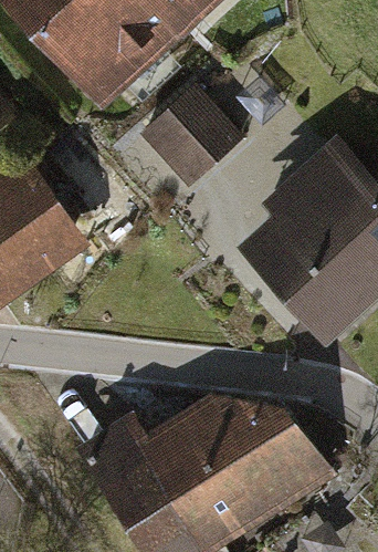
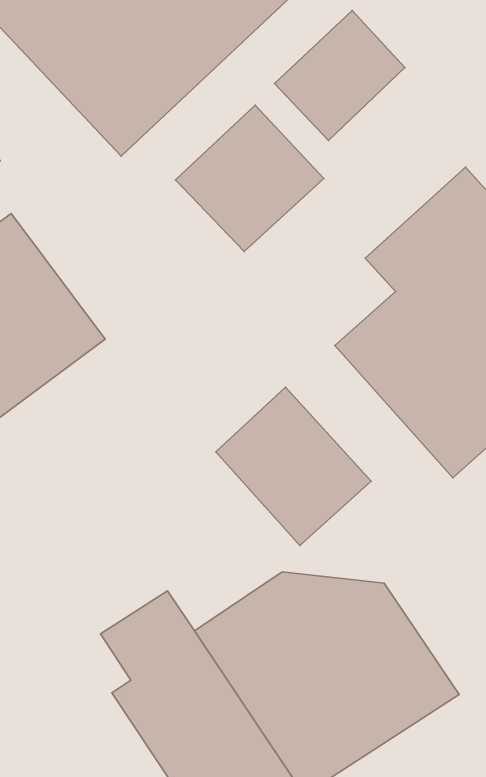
building: none -> [275,11,405,141]
building: none -> [216,387,371,546]

